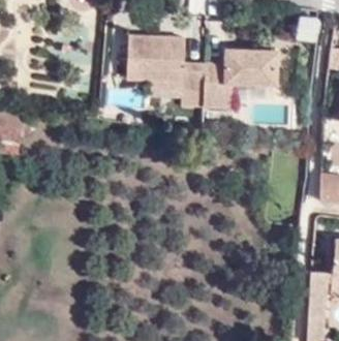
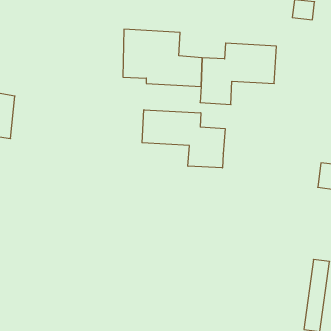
building: none -> [142,110,225,168]

